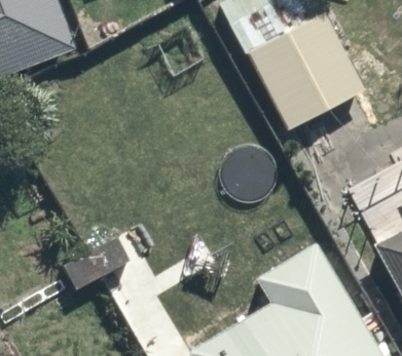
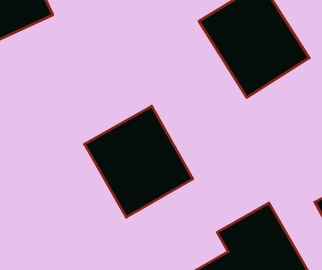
building: none -> [84,106,193,217]

